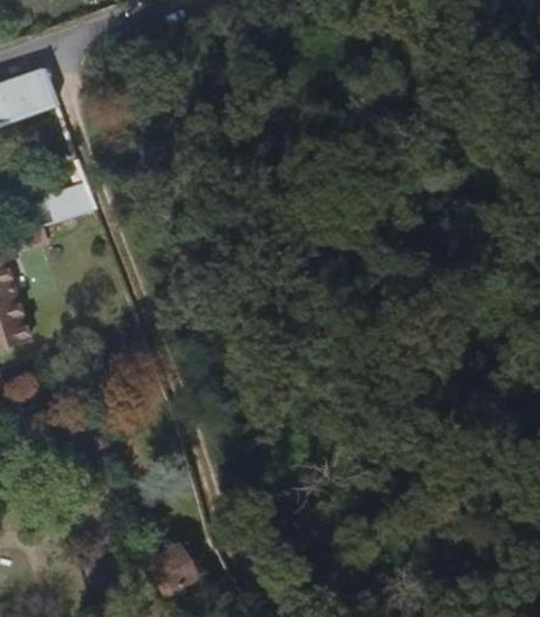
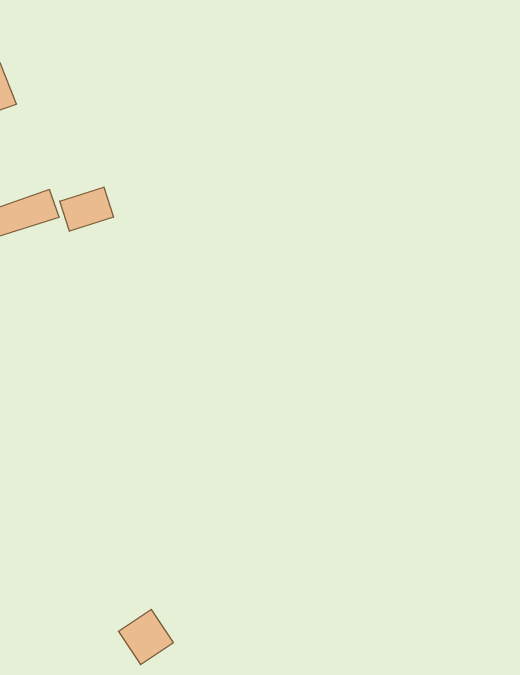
building: none -> [60,187,113,231]

